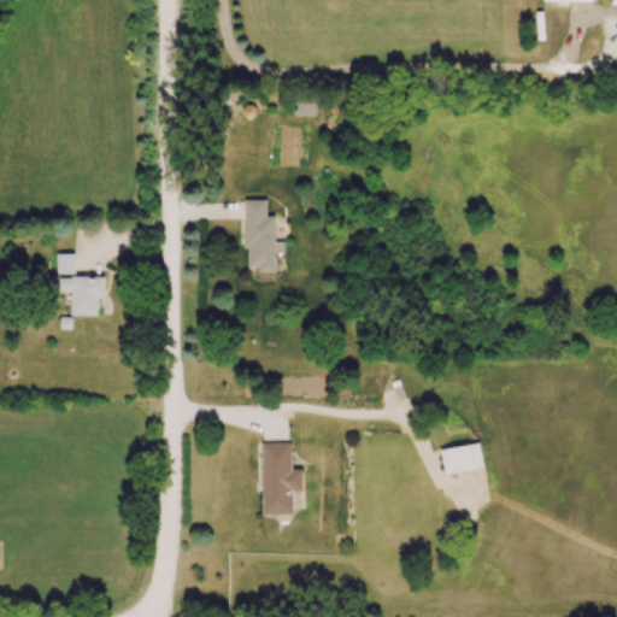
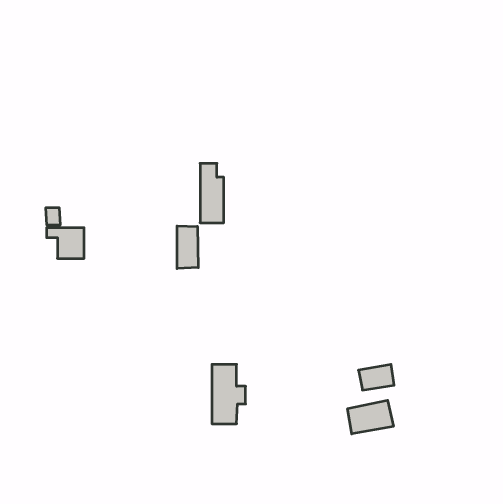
building: none -> [177,226,198,269]
building: none -> [348,400,393,434]

